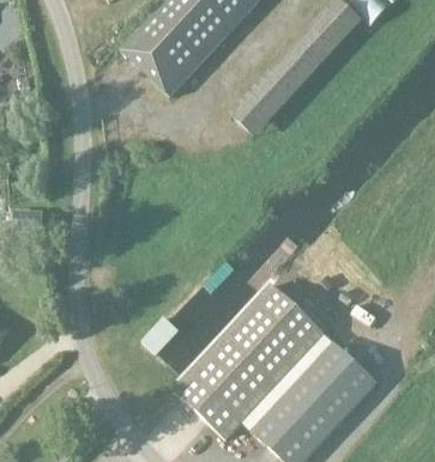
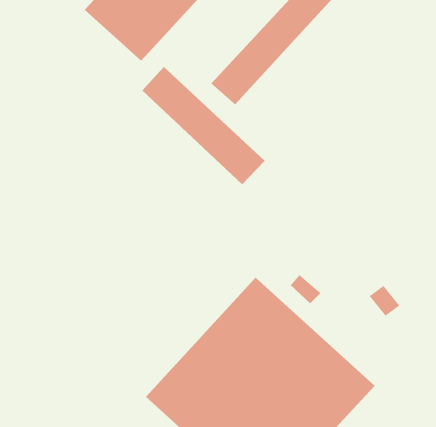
building: none -> [142,66,265,185]

